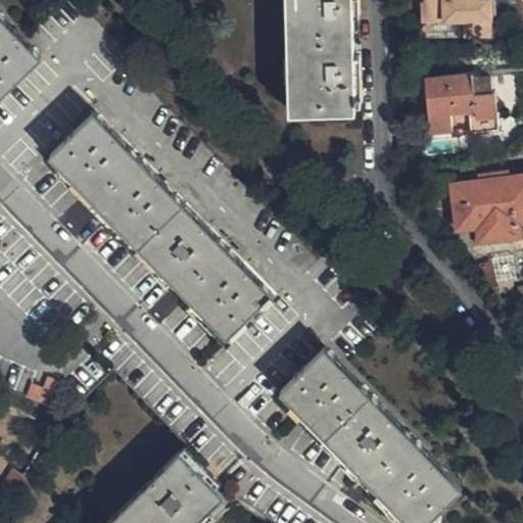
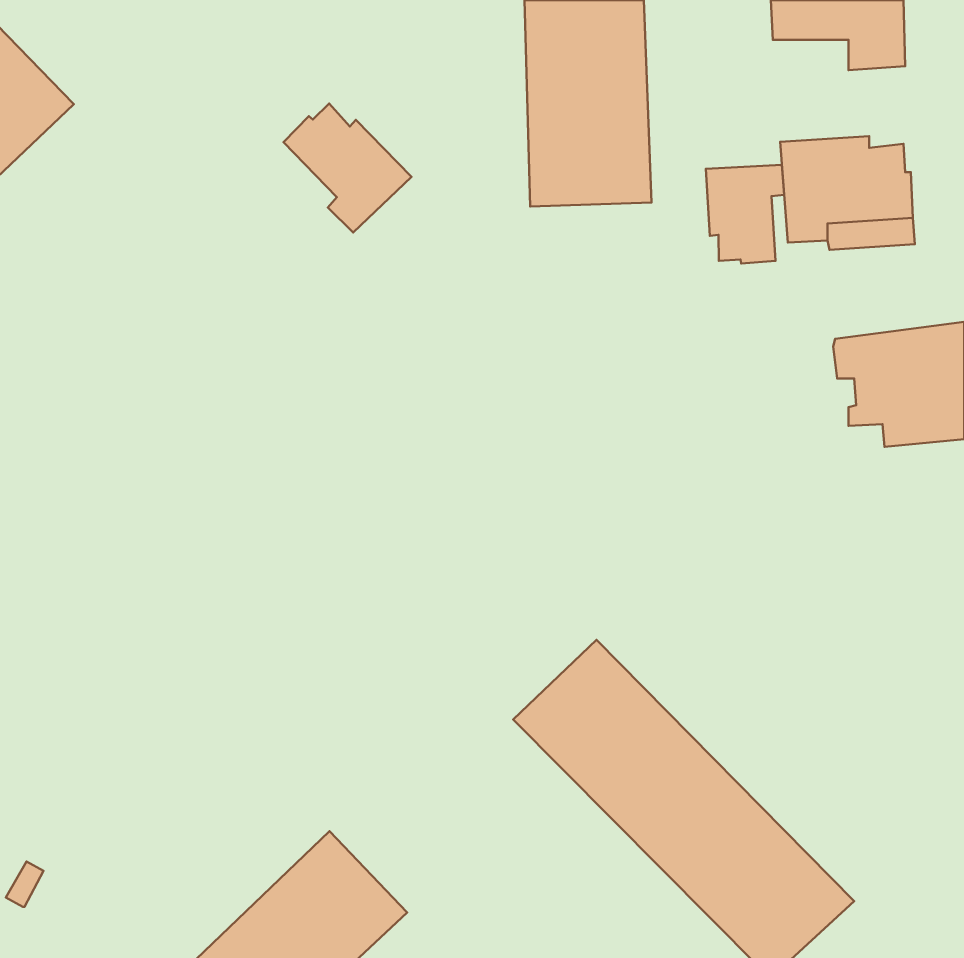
building: none -> [284,104,412,233]
building: none -> [706,165,784,264]
building: [48,115,270,339] -> none

